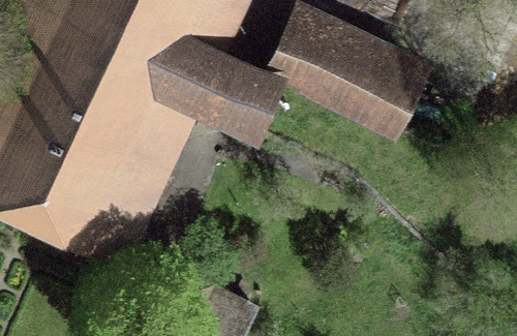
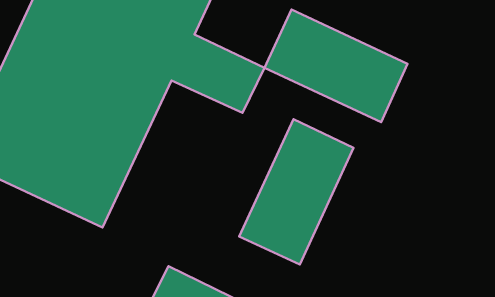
building: none -> [239,119,353,264]

